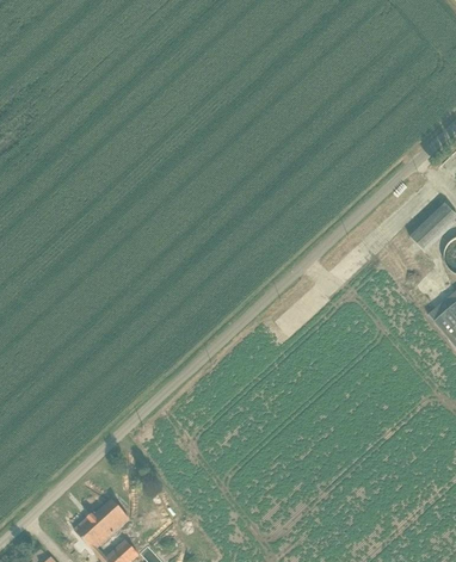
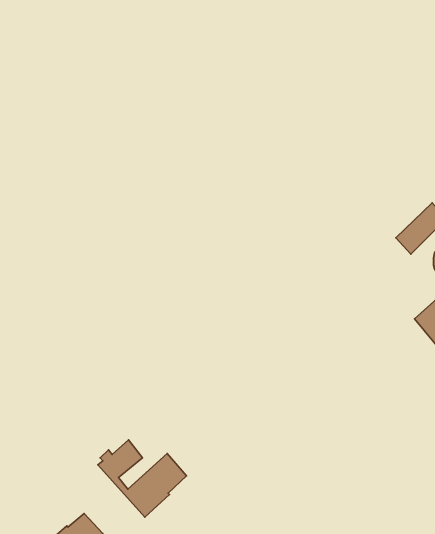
building: none -> [98,440,186,517]

